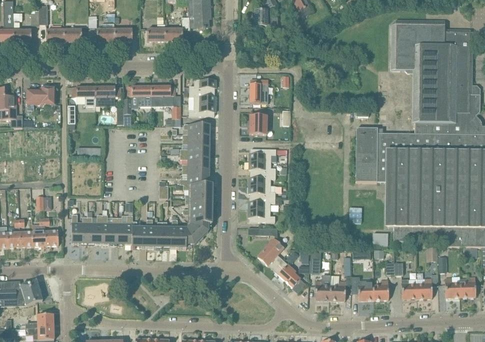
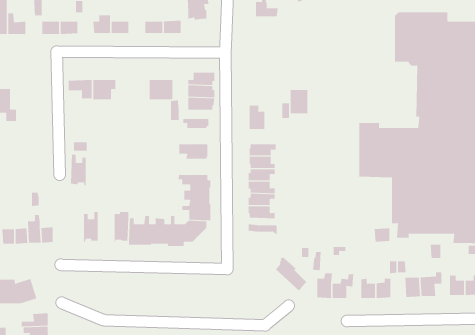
building: [250,79,268,103] -> [290,89,308,114]
building: [123,86,151,120] -> none
building: [27,87,55,110] -> none
building: [182,134,211,149] -> none
building: [182,164,210,179] -> none
building: [71,214,87,245] -> [70,154,87,186]
building: [102,215,117,245] -> none
building: [257,237,284,271] -> none

